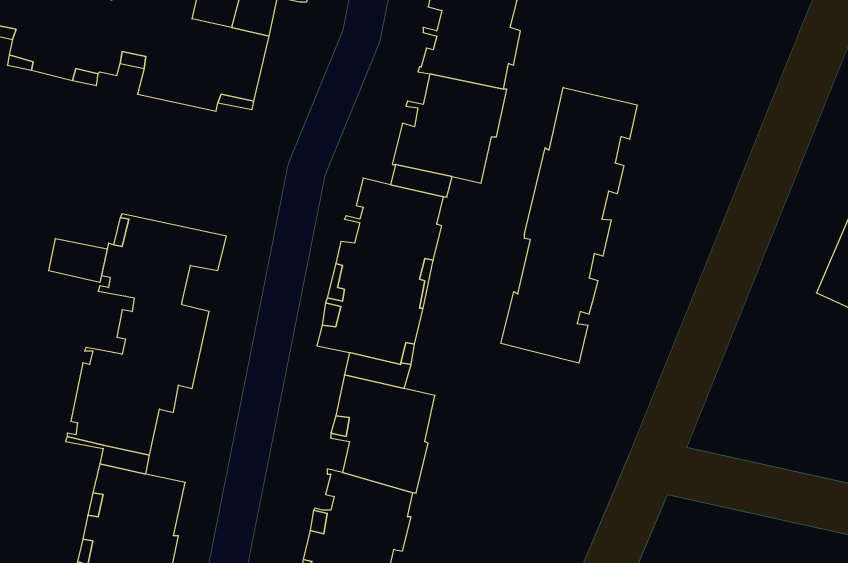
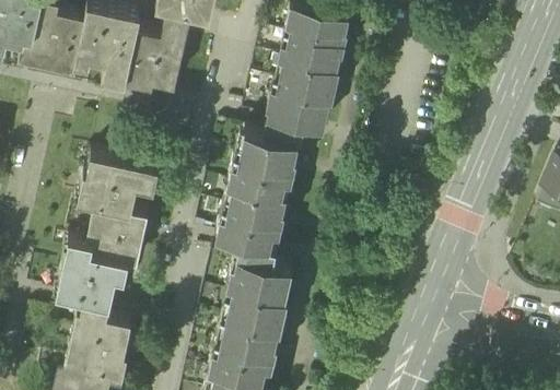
building: [501,87,637,363] -> none
building: [49,238,107,282] -> none

